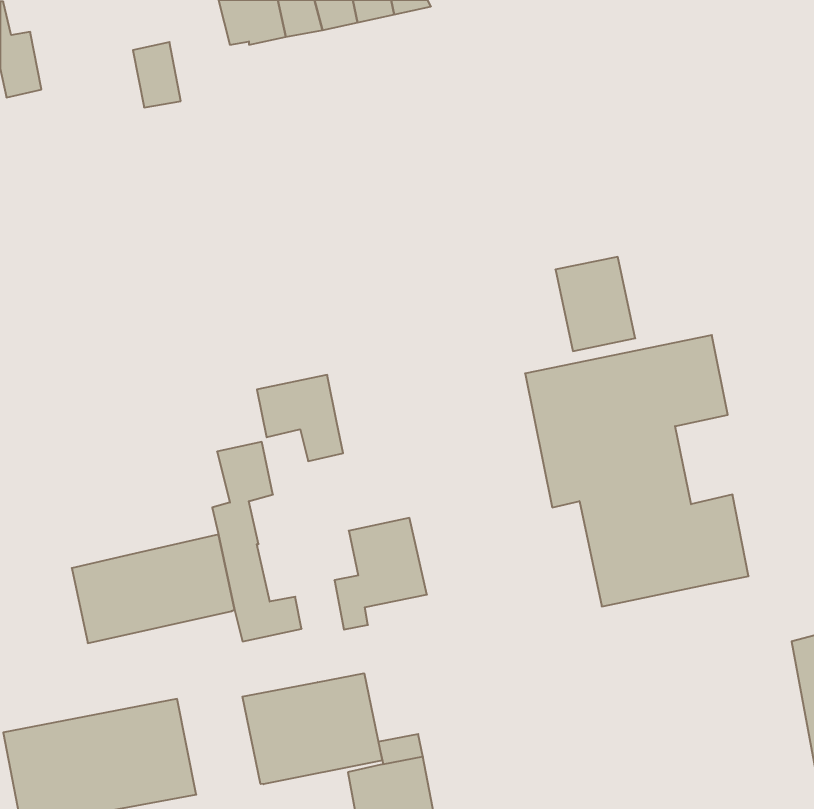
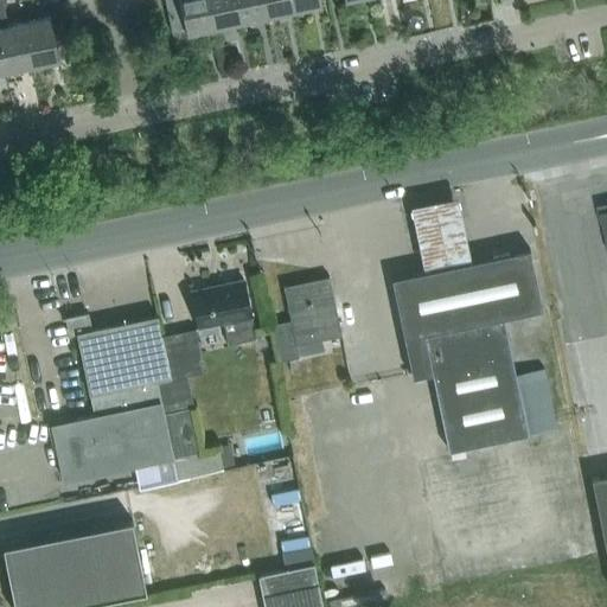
building: [133,42,181,107] -> [24,23,59,71]
building: none -> [68,317,172,417]
building: [334,518,427,630] -> [274,282,343,365]
building: [242,673,382,784] -> none

